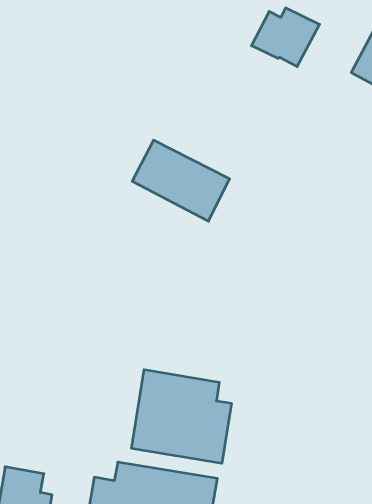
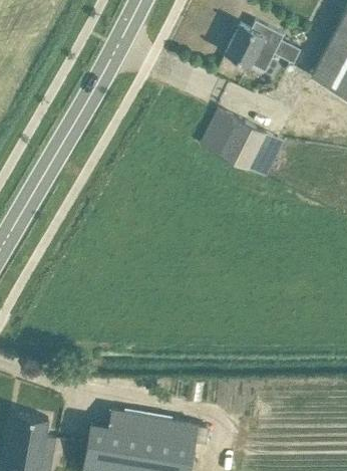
building: [132,140,230,221] -> [201,109,284,179]
building: [132,370,231,463] -> none

